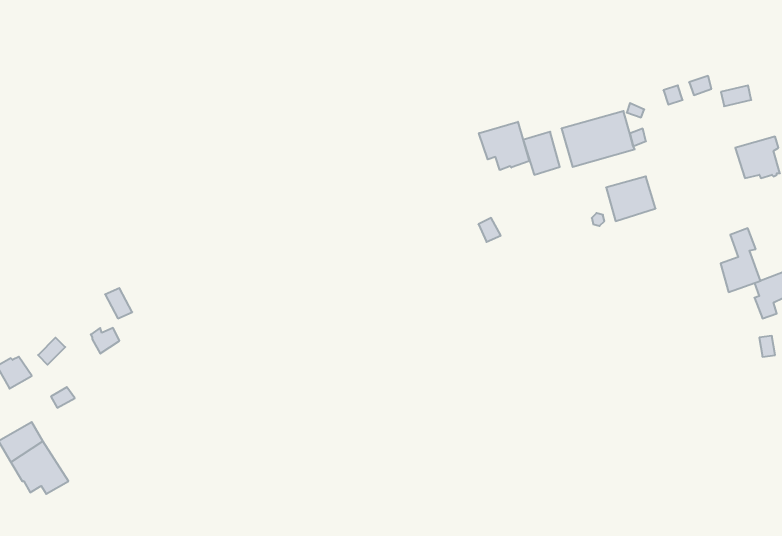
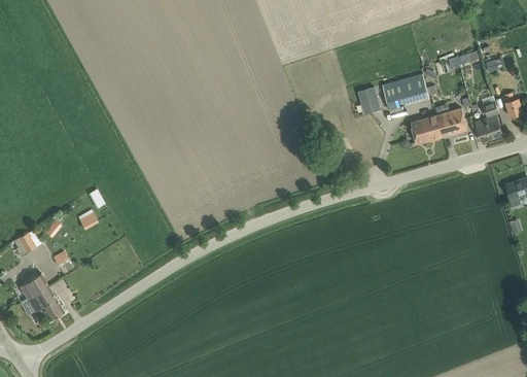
building: [479,122,529,170] -> none
building: none -> [435,108,466,136]
building: [721,228,761,292] -> [476,100,501,141]

